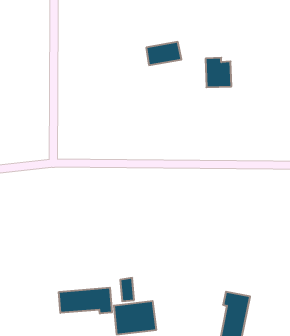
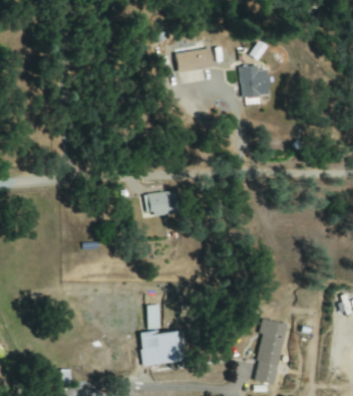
building: none -> [145,190,179,215]
building: [59,288,112,314] -> none

